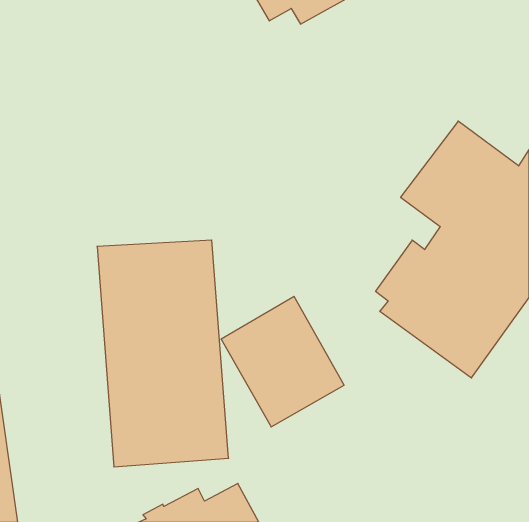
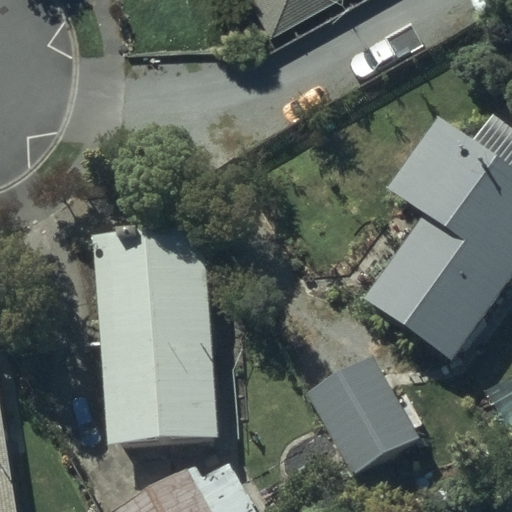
building: [221,296,344,427] -> [303,352,421,477]

